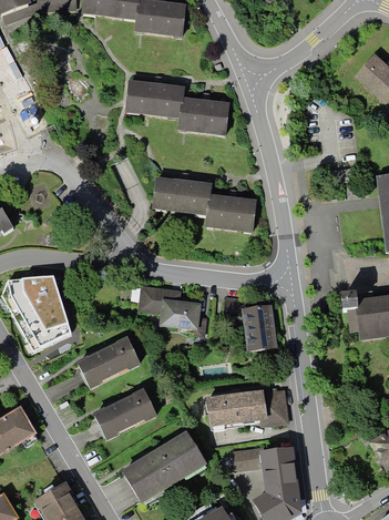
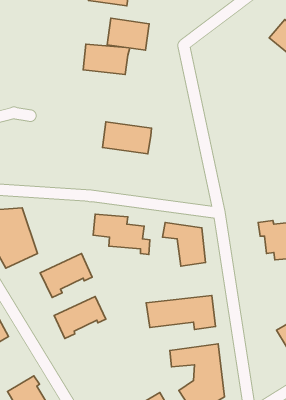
building: [177,94,228,133] -> [107,18,149,50]
building: [205,192,255,232] -> none
building: [121,429,204,499] -> none

